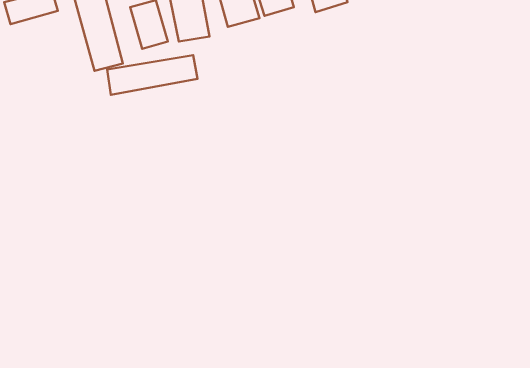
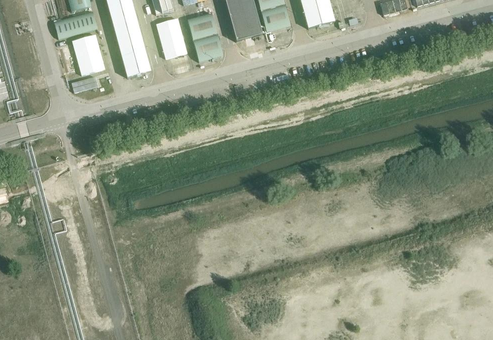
building: none -> [71,35,104,75]
building: [107,55,197,95] -> none

